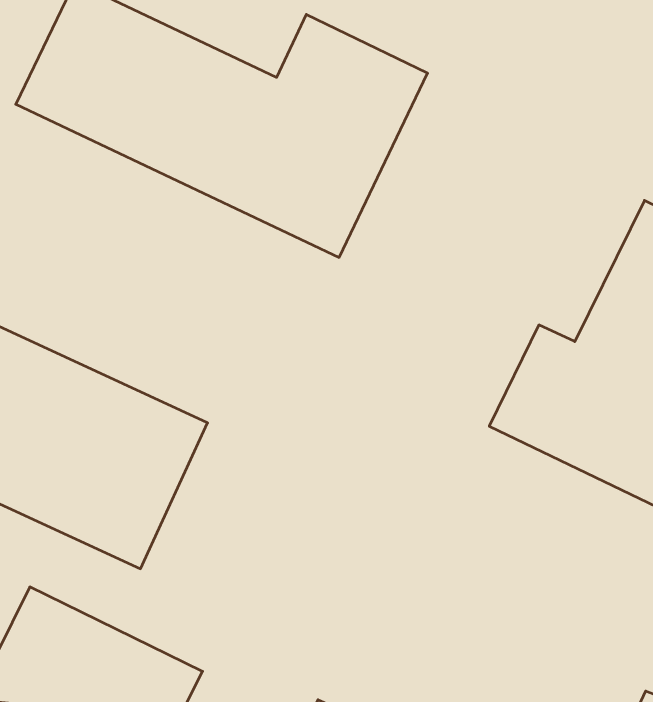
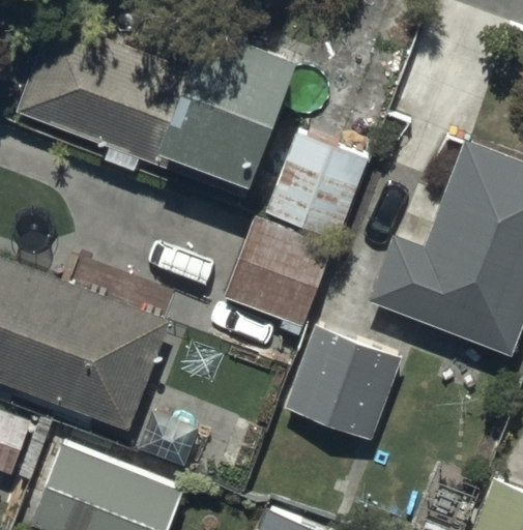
building: none -> [266,132,374,244]
building: none -> [223,224,331,328]
building: none -> [281,325,405,440]

